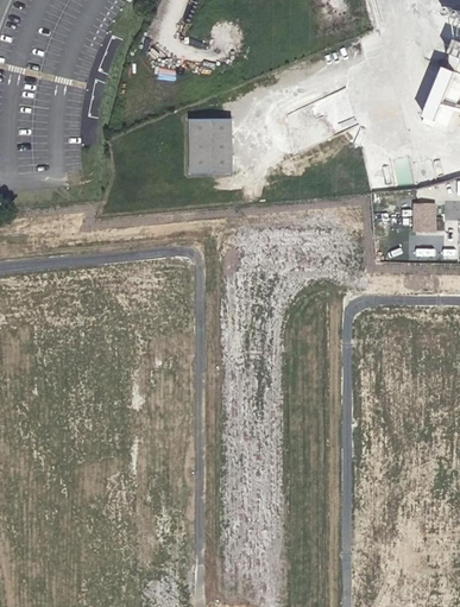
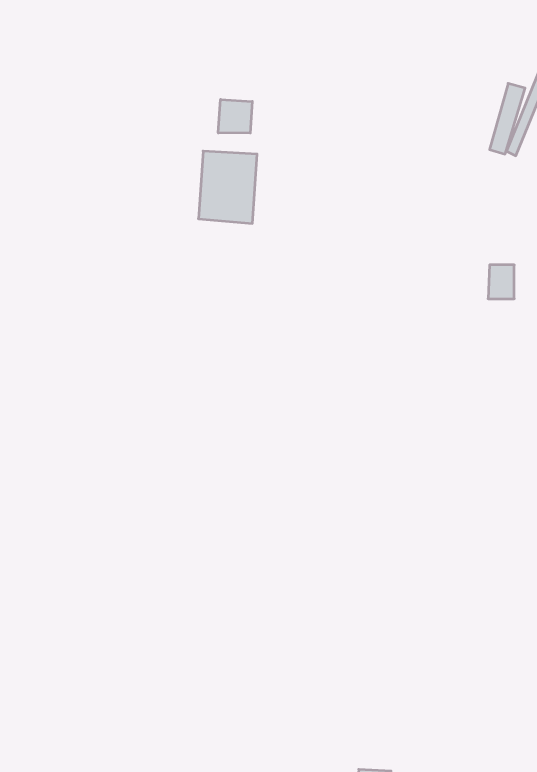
building: none -> [218,99,252,133]

